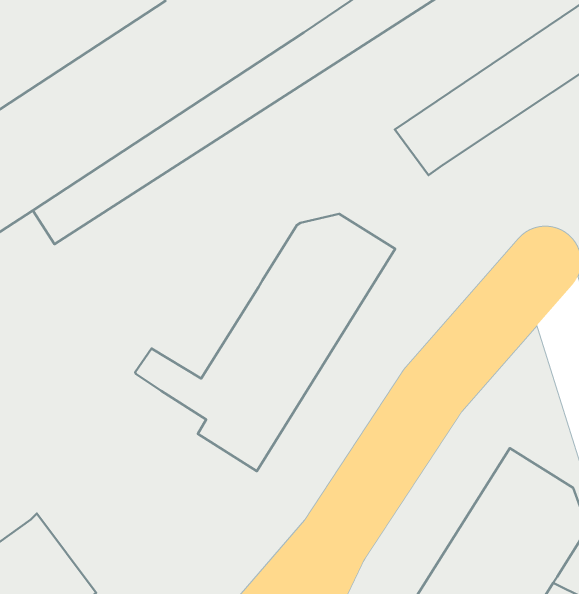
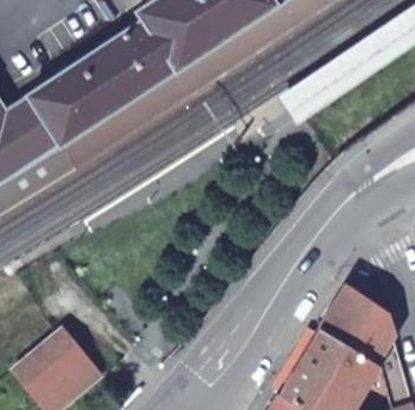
building: [135,214,395,471] -> none

